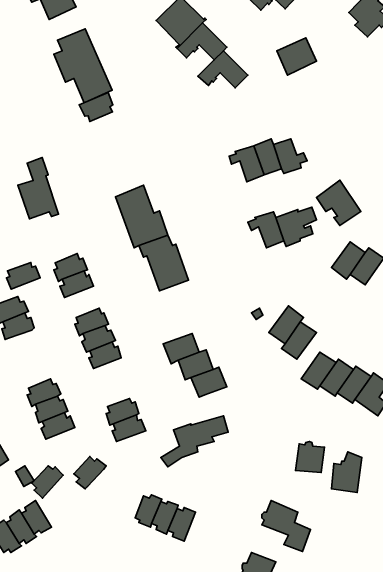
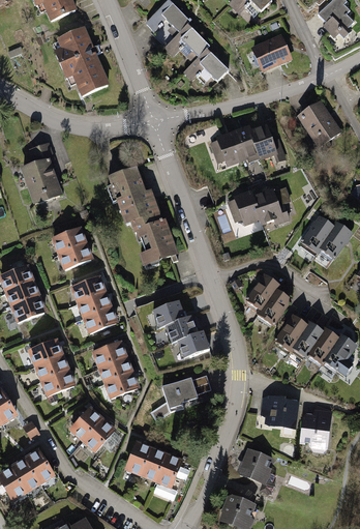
building: [79,92,113,122] -> none
building: [317,180,361,225] -> [300,102,339,143]
building: [6,263,40,289] -> [13,297,43,321]
building: none -> [95,343,125,366]
building: [32,466,63,498] -> [85,421,113,450]

